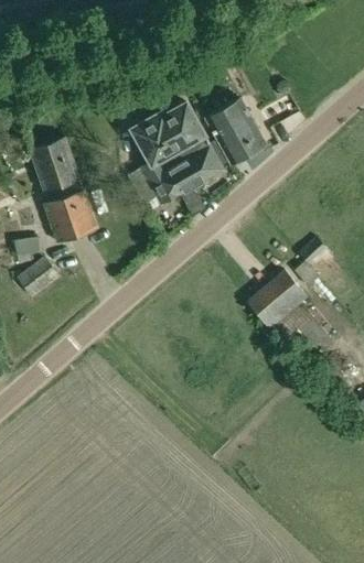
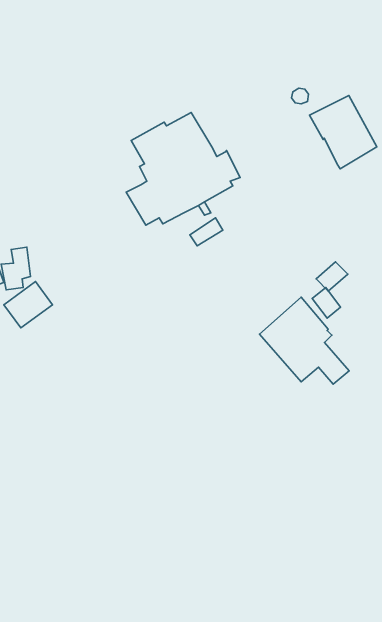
building: [204,98,265,164] -> [310,95,377,169]
building: [31,136,99,242] -> none

